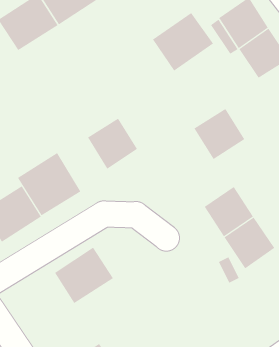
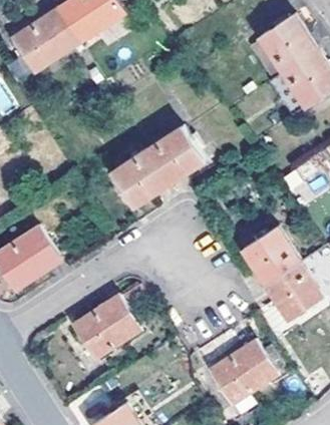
building: [152,12,214,72] -> none
building: [194,108,245,160] -> [145,126,204,184]
building: [17,152,81,216] -> none
building: none -> [220,339,277,397]

